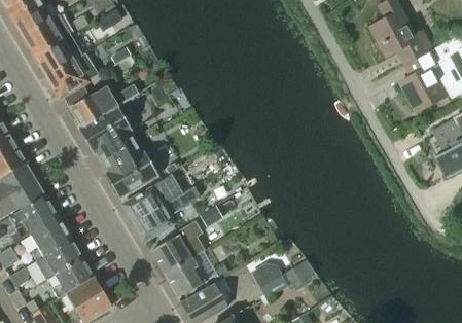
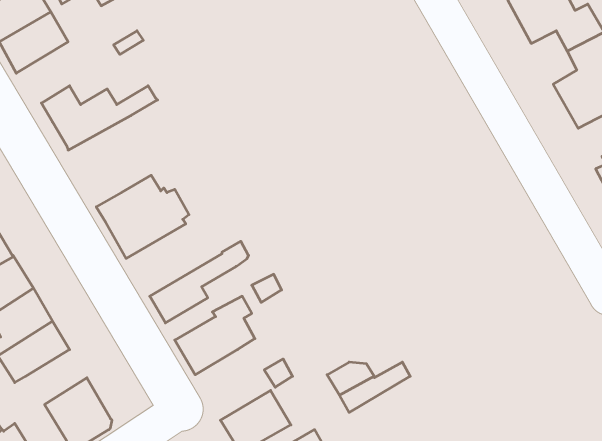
building: [47,52,99,97] -> none
building: [78,103,136,163] -> none
building: [125,176,182,221] -> none
building: [48,256,94,298] -> none
building: [165,256,207,296] -> none

